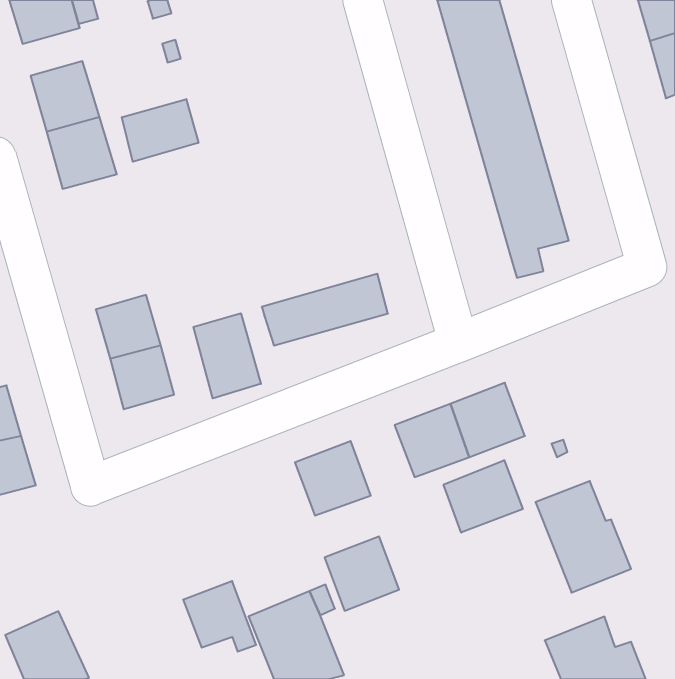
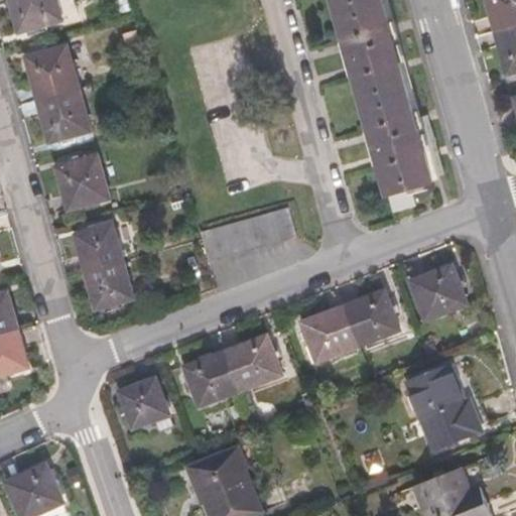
building: [122,99,198,162] -> none
building: none -> [54,155,108,211]
building: [193,313,261,398] -> none
building: none -> [408,264,466,320]
building: [444,460,523,533] -> none
building: [325,536,399,611] -> [182,351,239,407]
building: [183,581,256,652] -> [117,378,172,431]

